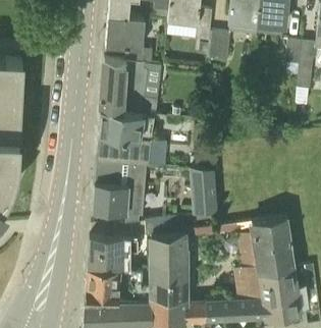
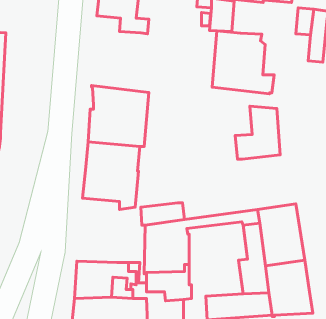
building: [101,59,157,116] -> [212,31,274,94]
building: [177,168,218,216] -> [235,106,280,159]
building: [88,237,140,270] -> none

